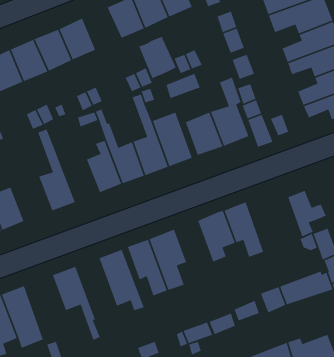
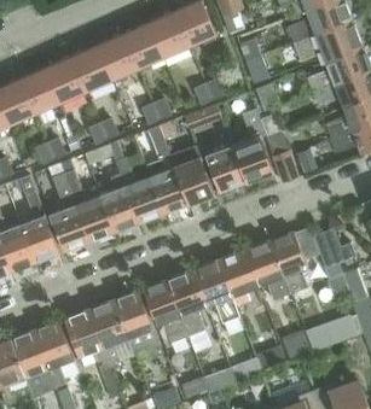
building: [138,36,177,79] -> [97,34,138,80]
building: none -> [59,159,115,241]
building: none -> [19,175,60,262]
building: none -> [271,228,319,294]
building: none -> [195,261,239,322]
building: none -> [89,300,133,367]
building: none -> [35,321,80,387]

